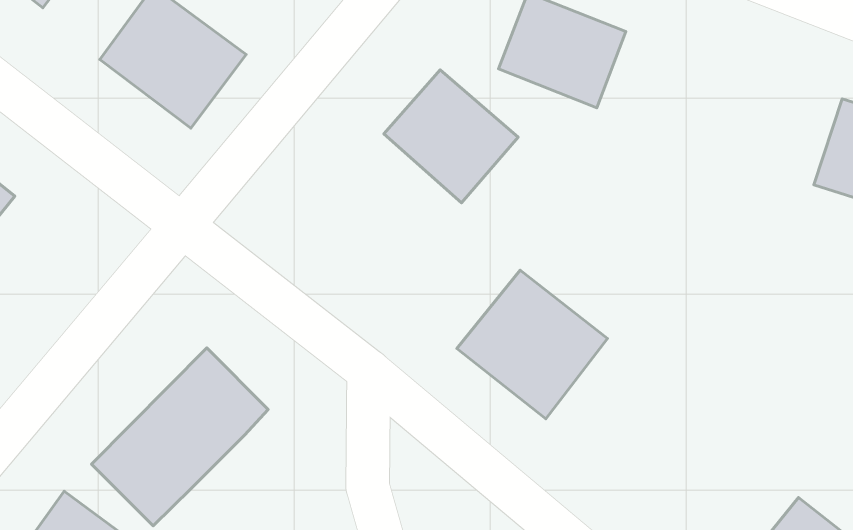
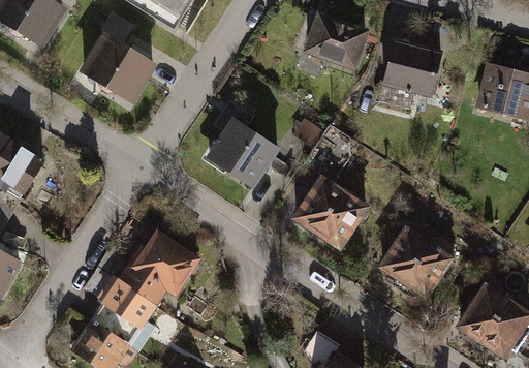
building: none -> [380,48,442,106]
building: [384,70,518,203] -> [206,112,279,183]
building: none -> [379,217,458,294]

